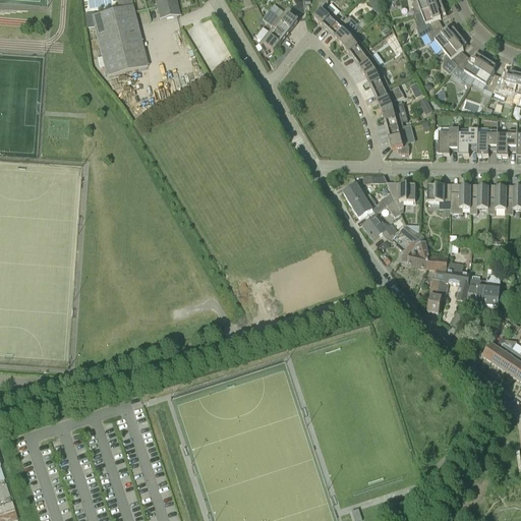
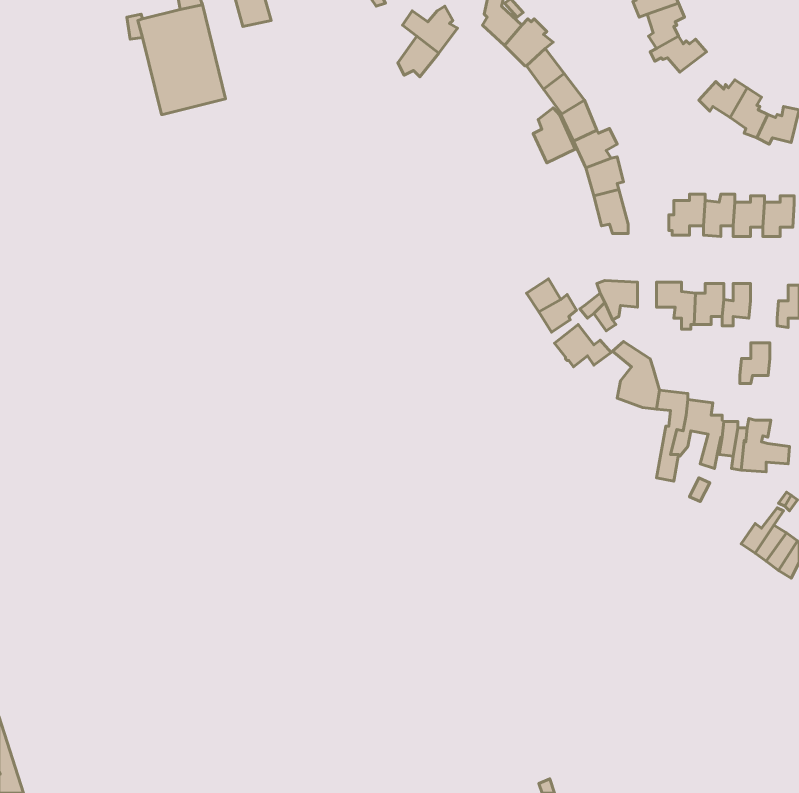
building: [442,34,465,65] -> none
building: none -> [533,108,575,163]
building: [486,185,506,212] -> [740,343,770,383]

